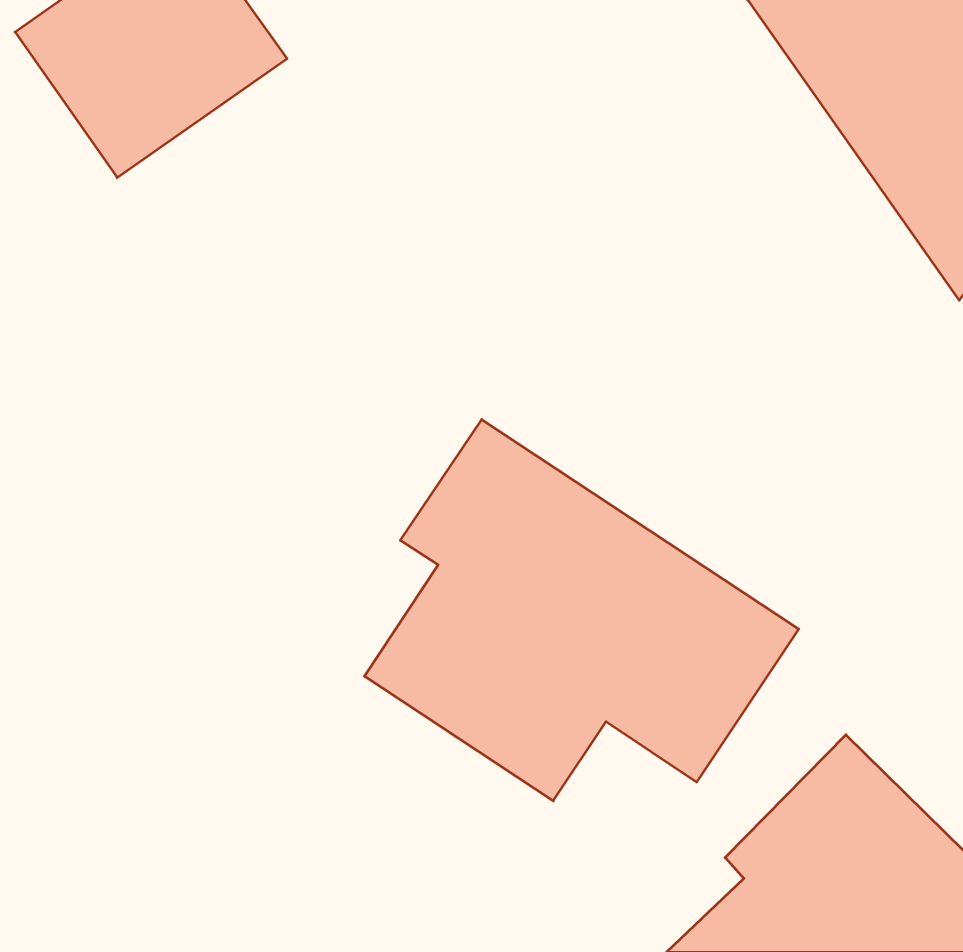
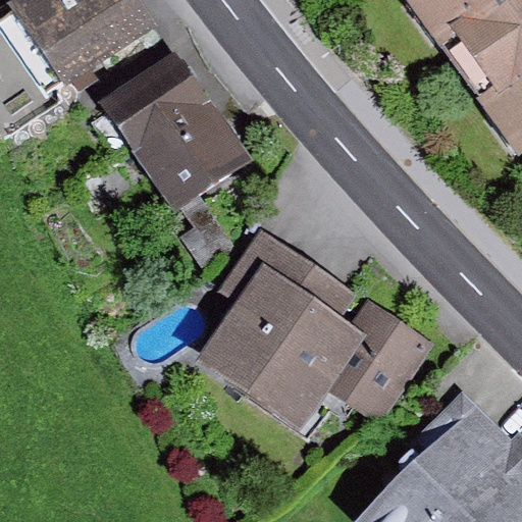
building: none -> [104,58,254,214]

